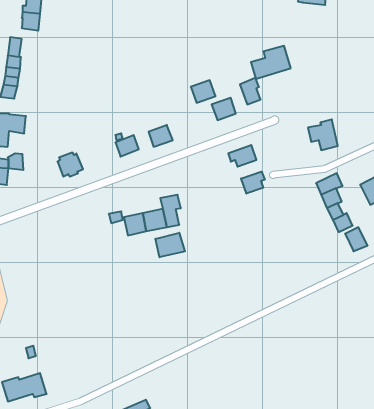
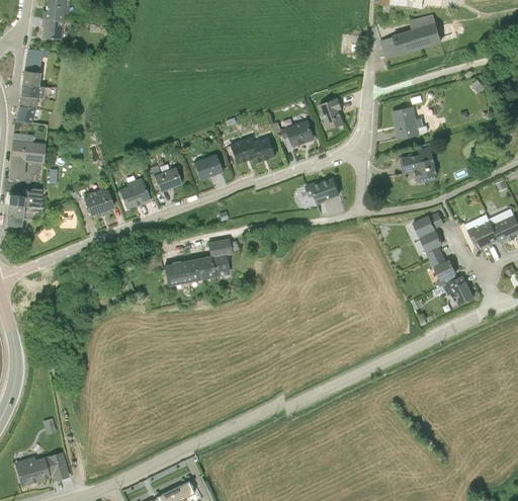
building: [251,46,291,79] -> [385,12,434,53]
building: [191,80,216,103] -> [237,137,267,164]
building: none -> [383,105,416,140]
building: none -> [123,176,156,207]
building: [241,172,265,194] -> none
building: [155,233,185,257] -> none

